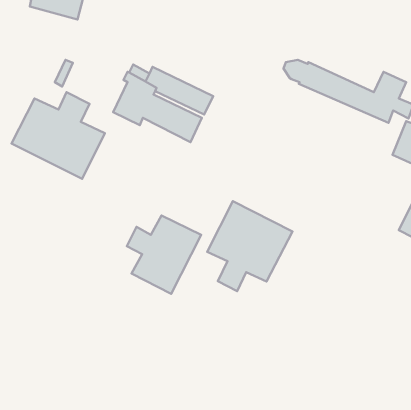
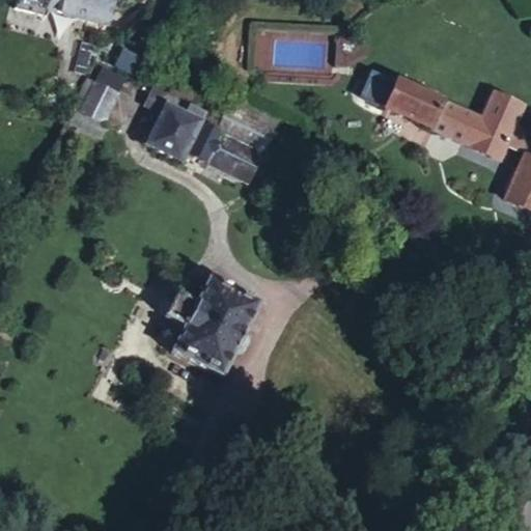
building: none -> [82,81,118,121]
building: [11,92,105,179] -> none
building: [207,201,293,291] -> none

